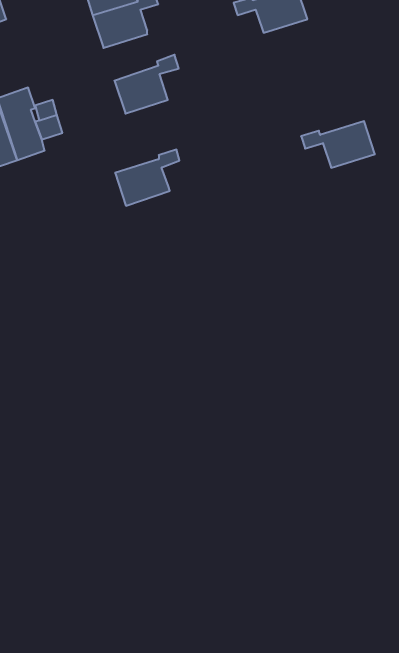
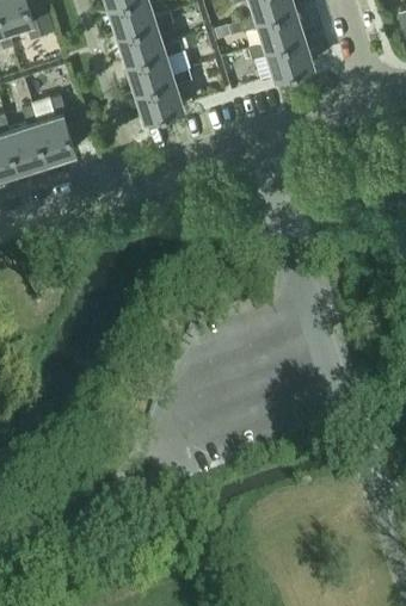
building: [301,121,375,168] -> [250,38,314,79]
building: [115,150,179,206] -> [127,43,183,92]

